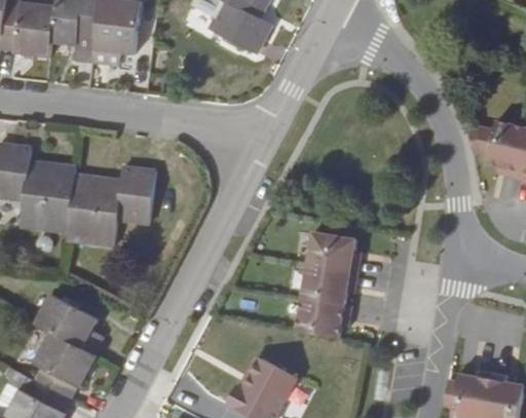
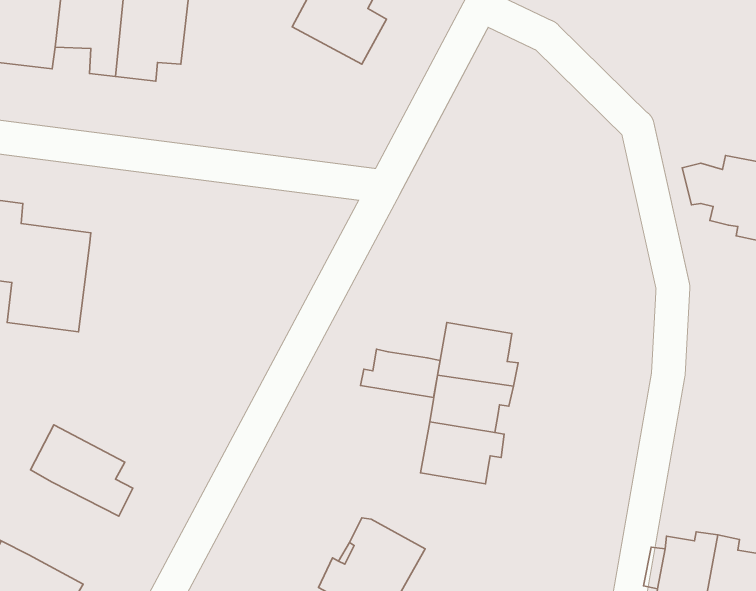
building: [66,167,155,245] -> none
building: none -> [360,349,440,397]
building: [34,333,96,401] -> none

